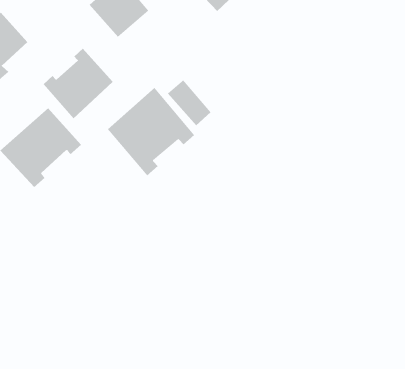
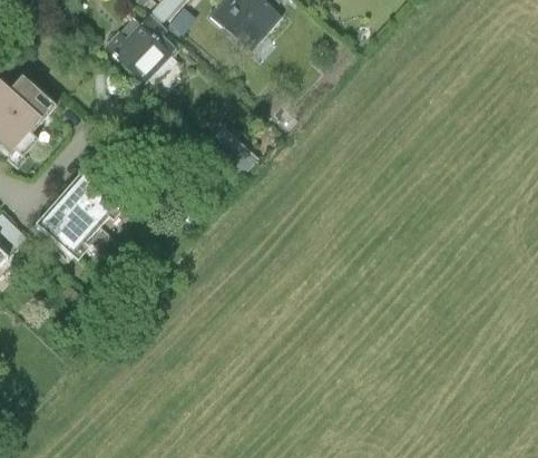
building: [43,48,114,119] -> none
building: [107,87,195,176] -> none

